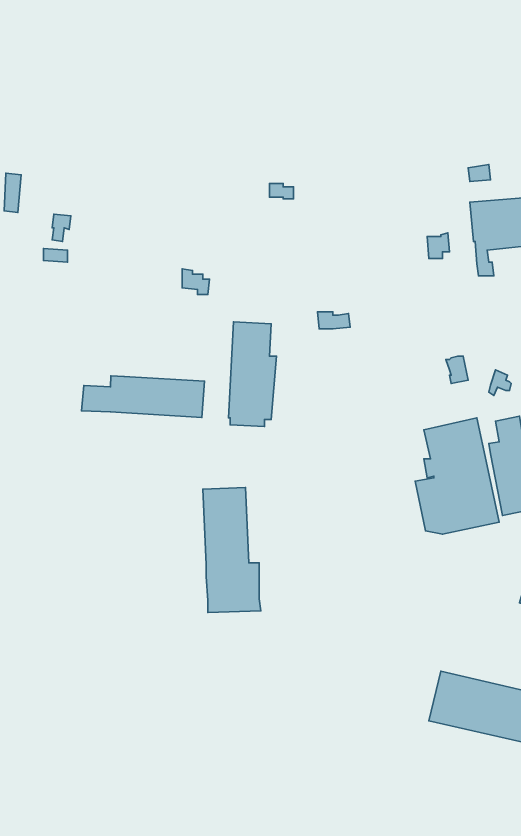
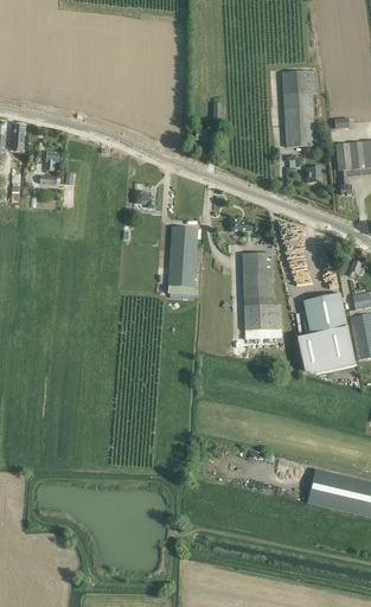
building: none -> [281,69,316,146]
building: [82,376,205,417] -> none
building: [203,488,261,612] -> [241,251,281,338]

